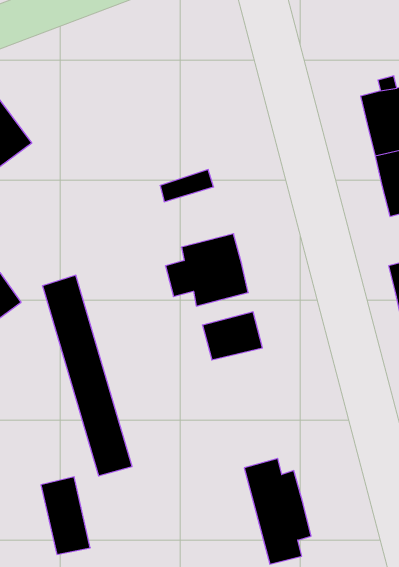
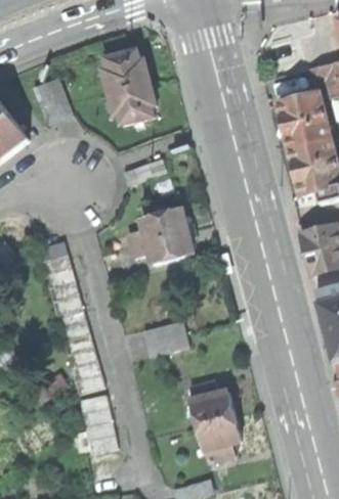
building: none -> [103,50,156,123]
building: none -> [32,78,71,124]
building: [202,312,262,360] -> [144,320,190,357]
building: [41,477,90,554] -> [80,393,118,452]

